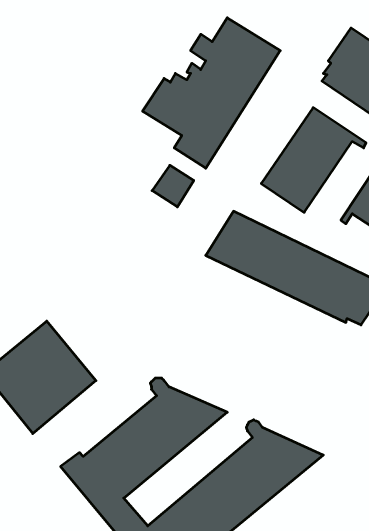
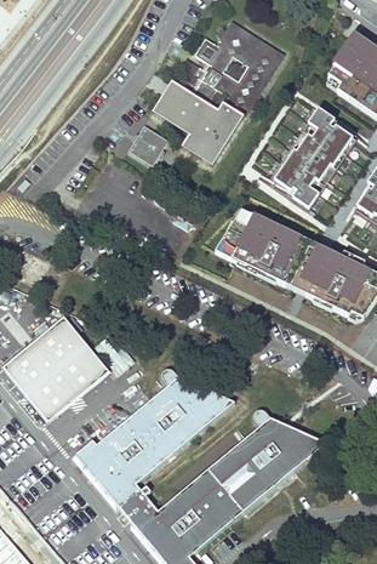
building: [152,165,194,207] -> [130,124,170,164]

